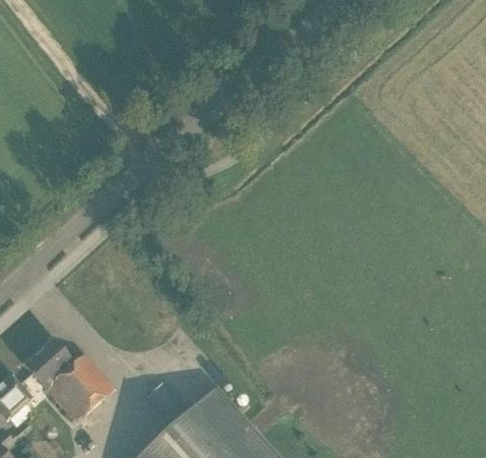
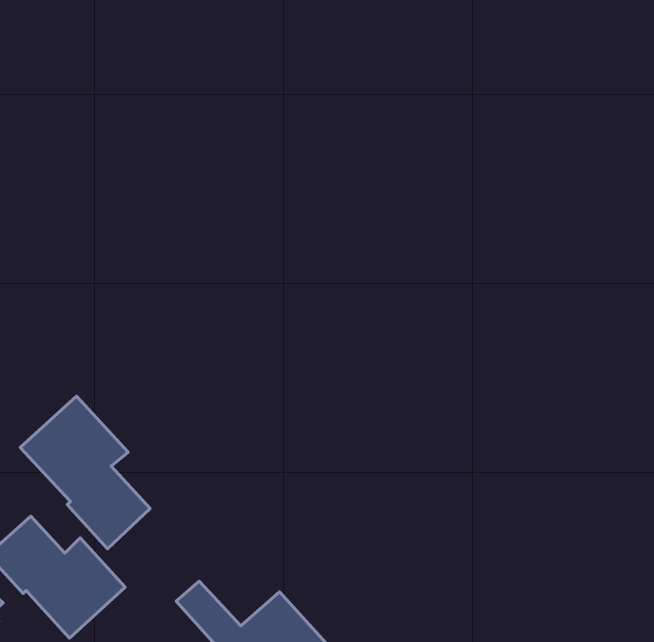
building: none -> [20,396,150,549]

